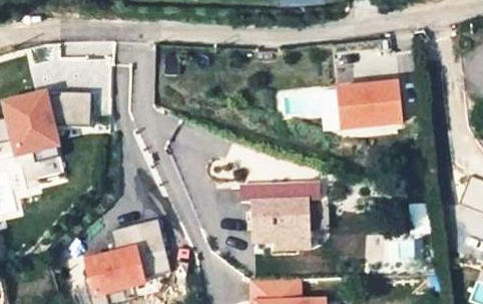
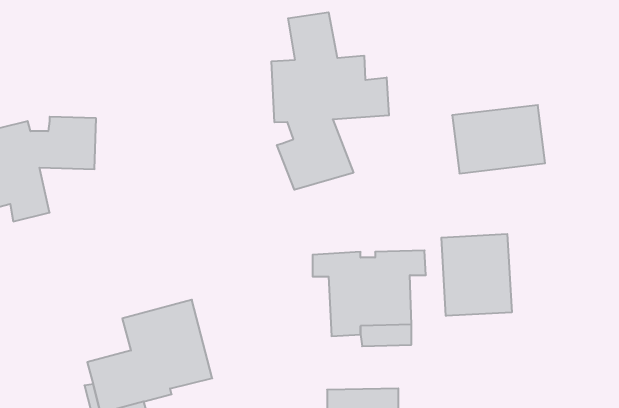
building: none -> [272,12,389,190]
building: none -> [441,234,512,316]

